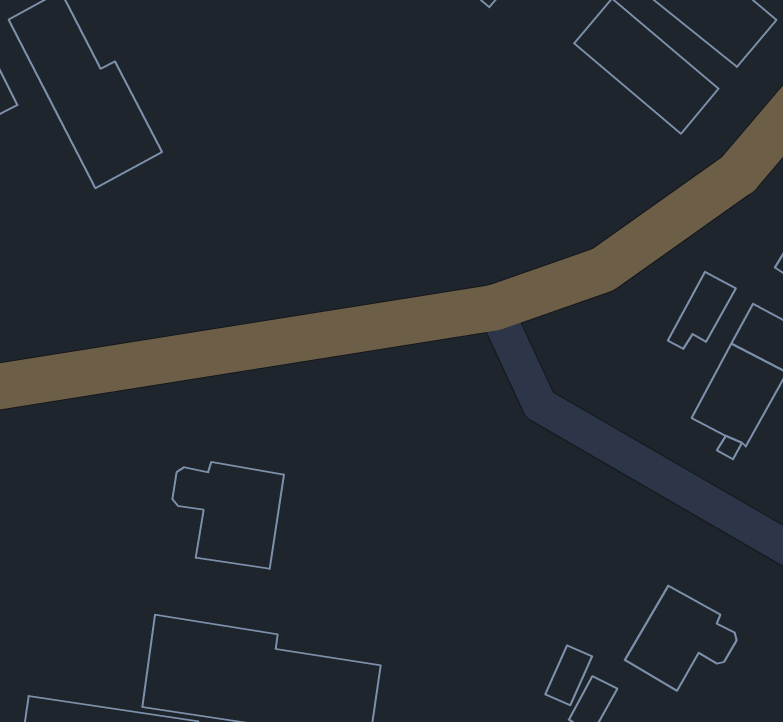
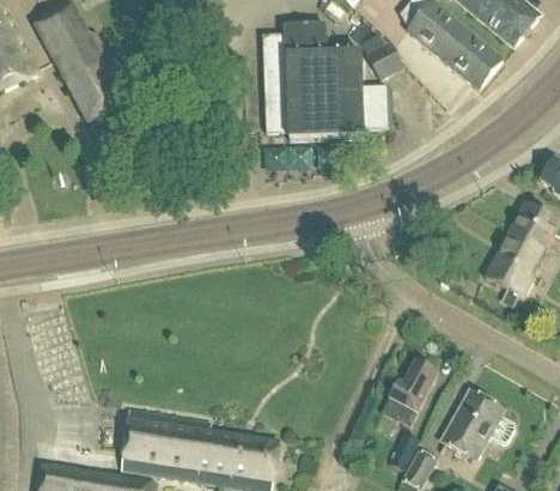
building: none -> [262,25,388,143]
building: none -> [366,40,404,79]
building: [668,272,736,349] -> none
building: [173,462,284,569] -> none
building: none -> [381,360,434,425]

